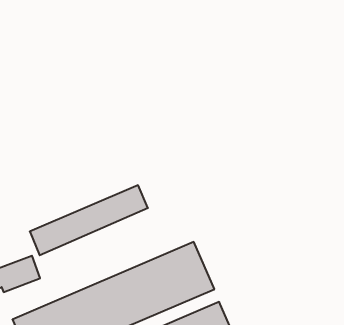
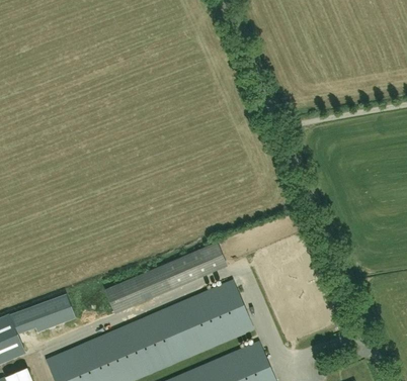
building: [30,185,148,255] -> [104,242,226,313]

